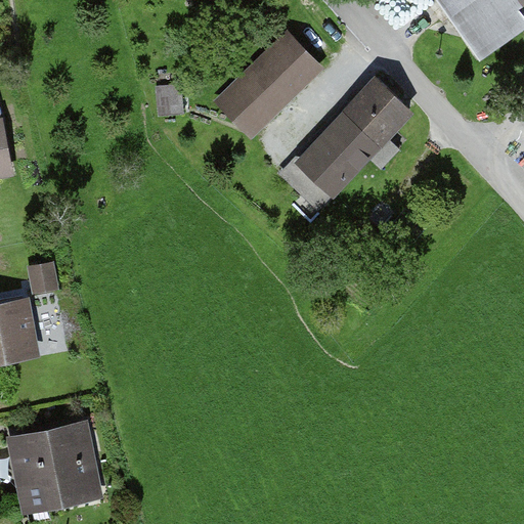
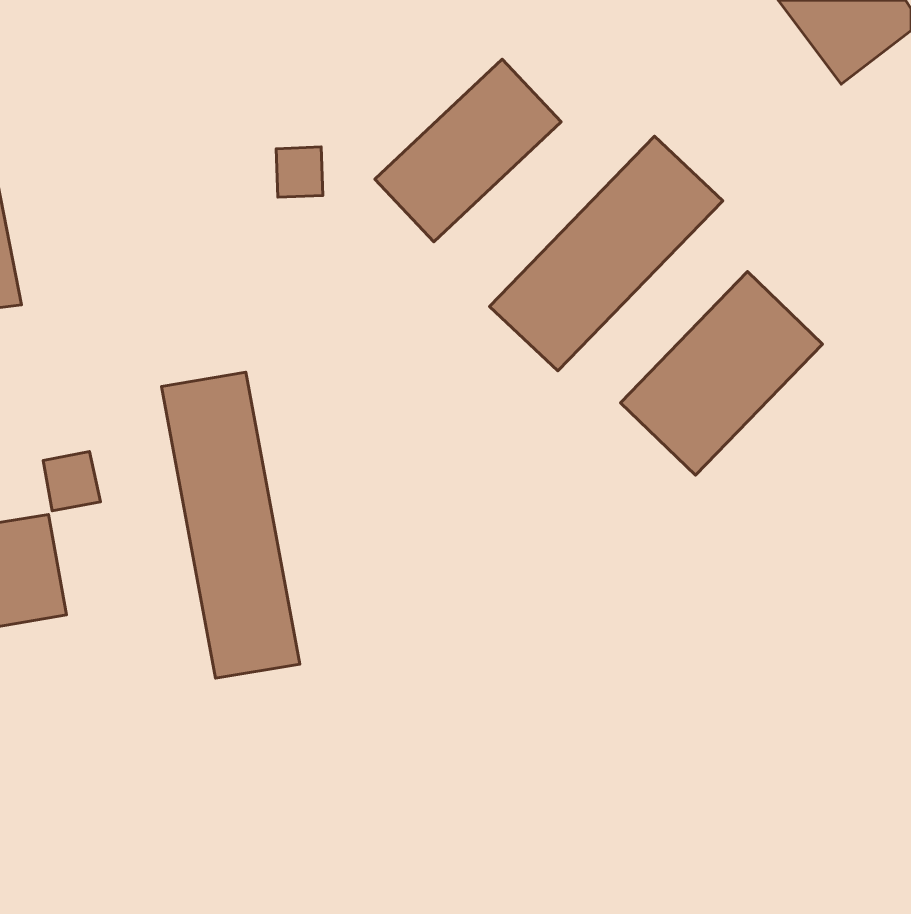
building: none -> [621,272,823,475]
building: none -> [161,372,300,678]
building: [8,421,101,510] -> none

